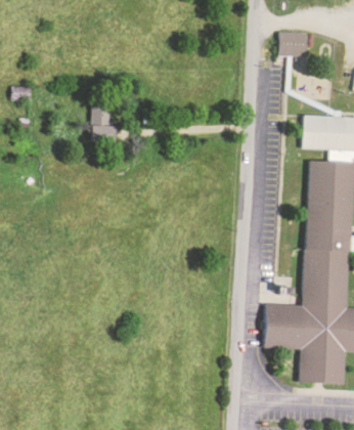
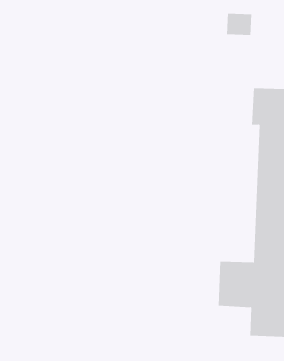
building: [87,105,109,136] -> none

